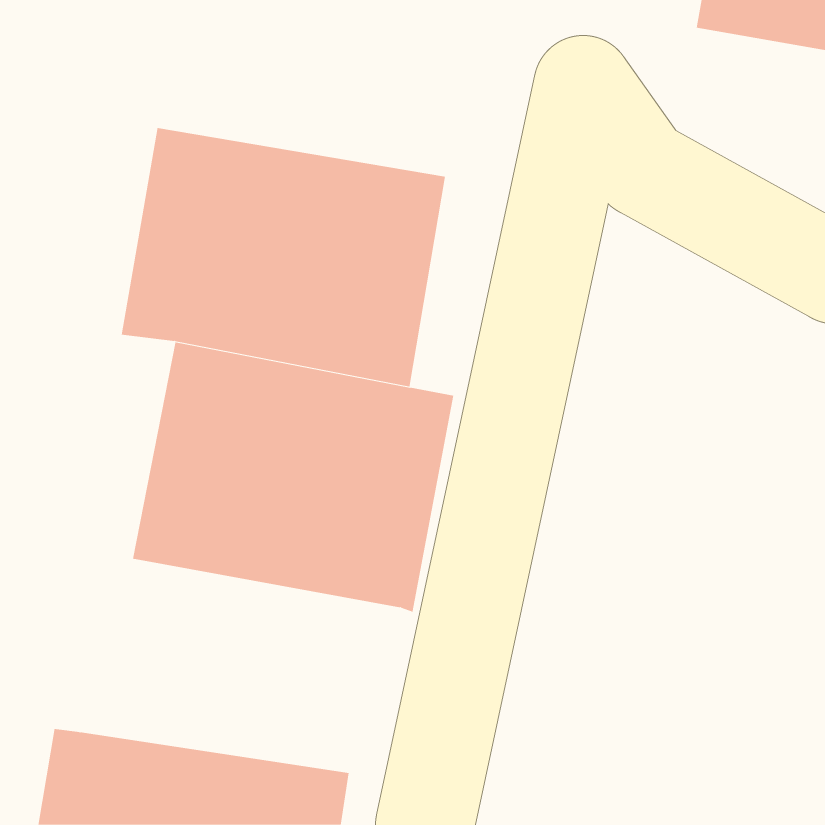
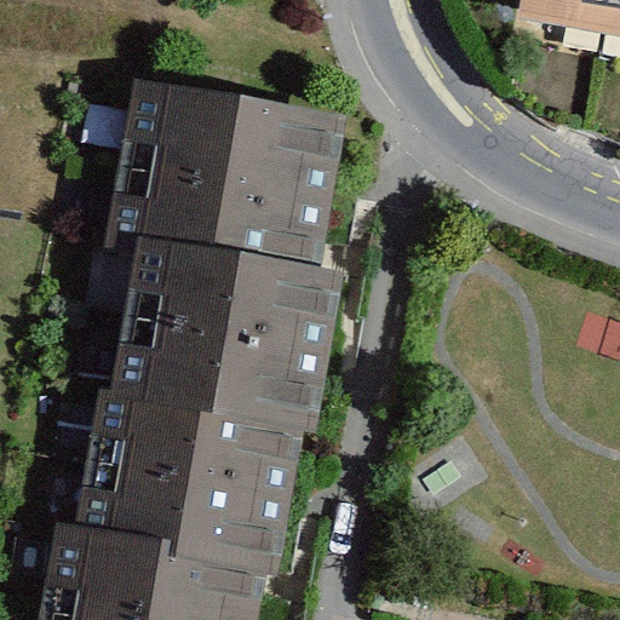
building: none -> [67,412,304,579]

